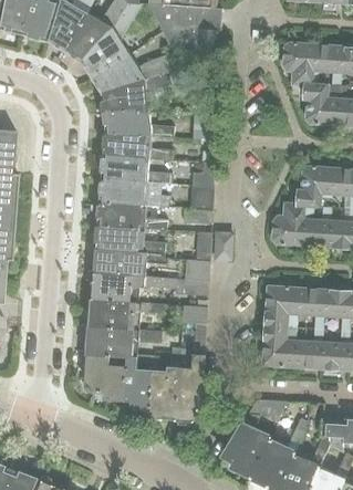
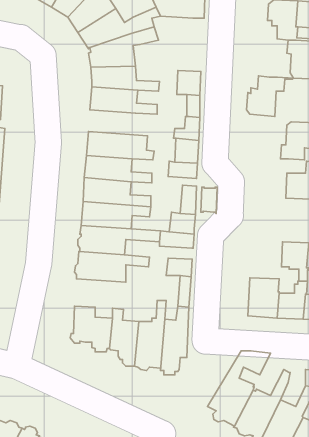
building: [102,155,172,183] -> none
building: [273,204,321,244] -> [247,76,293,116]
building: [266,286,305,326] -> none
building: [84,326,162,357] -> none

